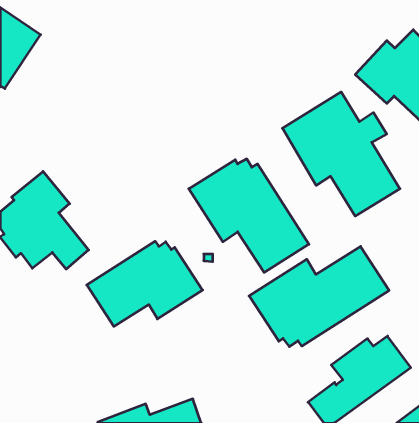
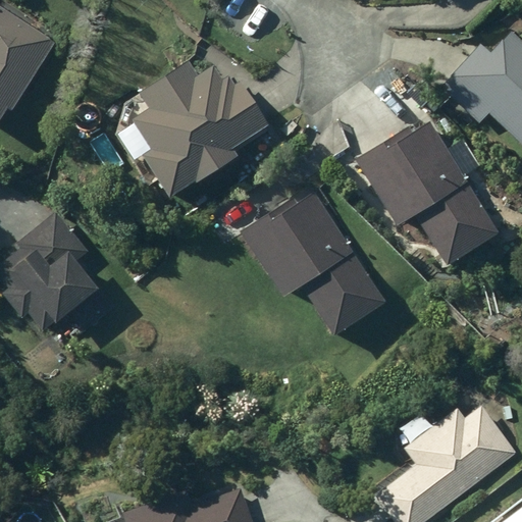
building: none -> [130,59,269,196]
building: [87,241,203,326] -> none
building: [249,246,389,347] -> none

